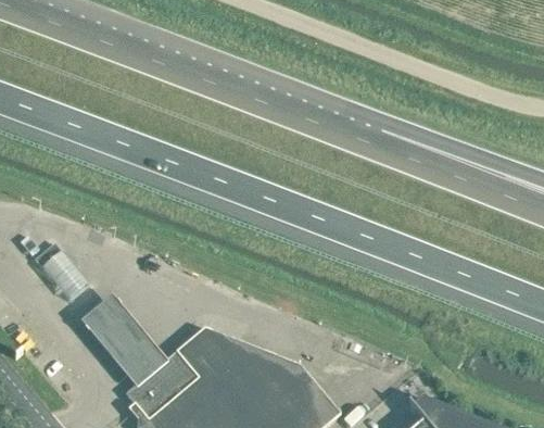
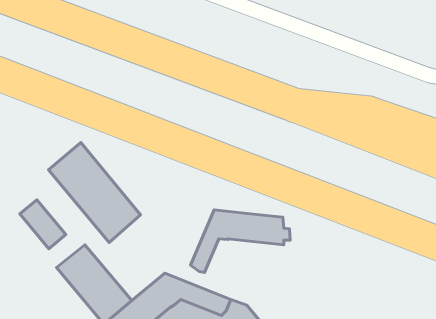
building: none -> [48,143,141,242]
building: none -> [191,210,290,273]

